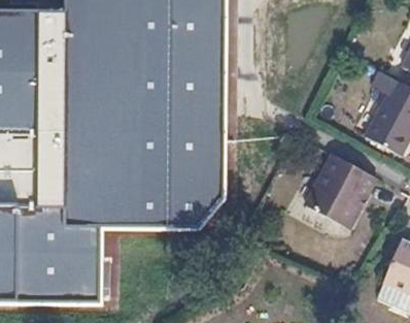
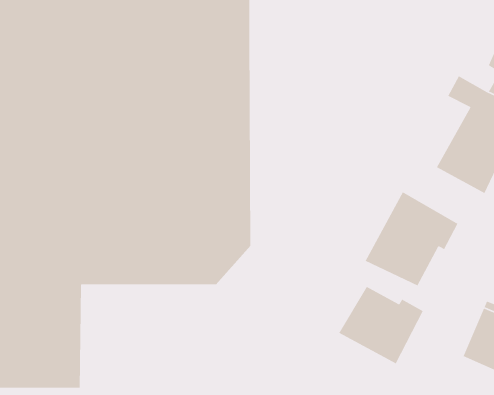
building: none -> [338,286,424,365]

